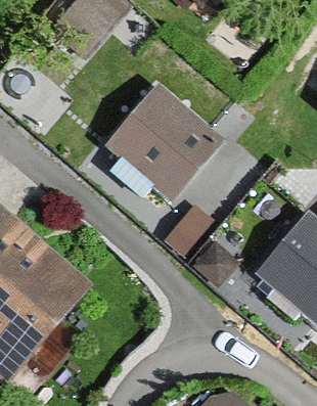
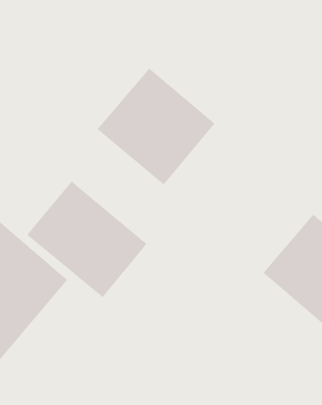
building: none -> [26,181,147,298]

